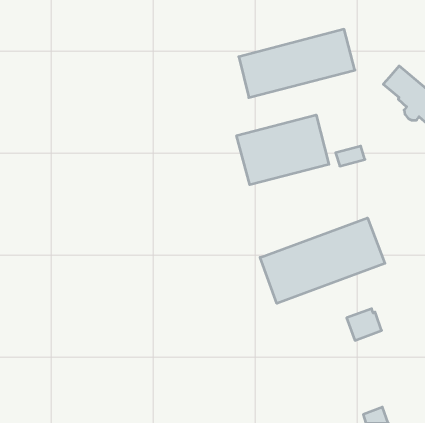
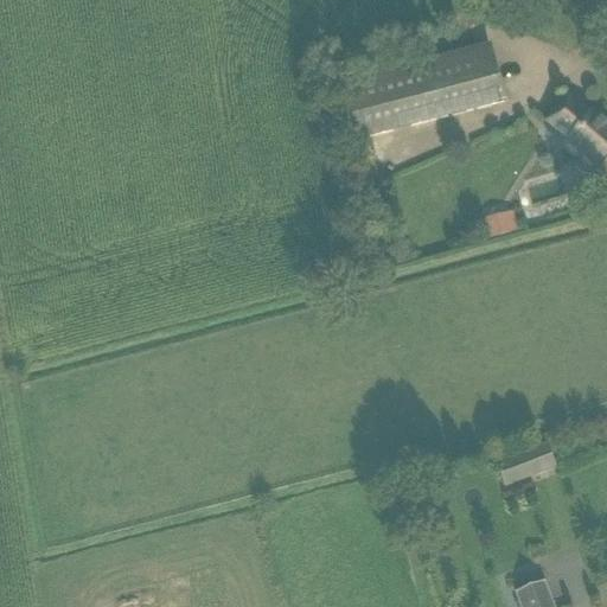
building: [237,115,329,185] -> none
building: [260,218,385,303] -> none

